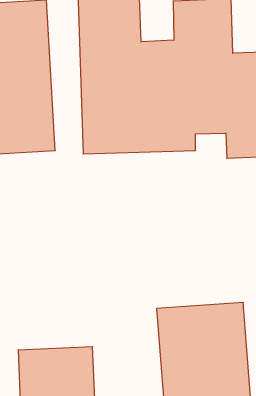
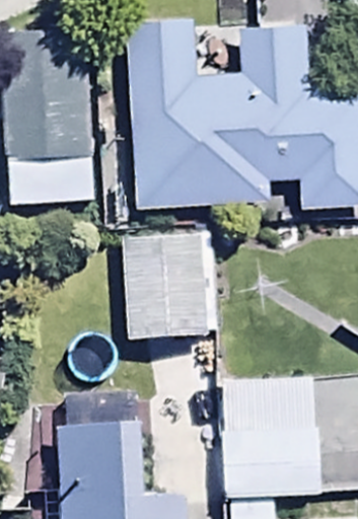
building: none -> [126,228,210,347]

